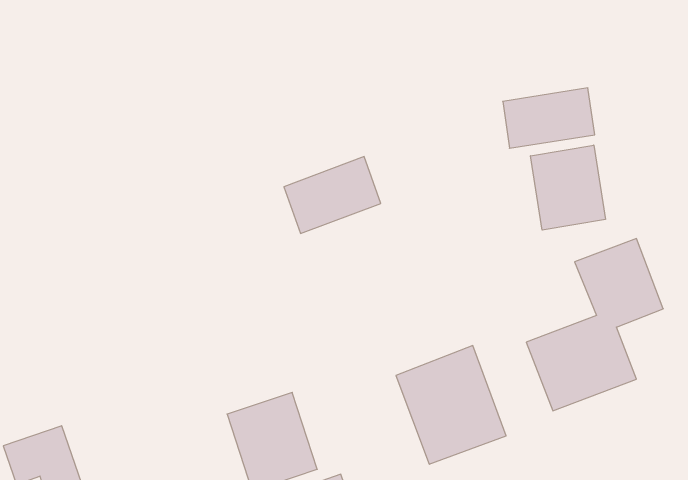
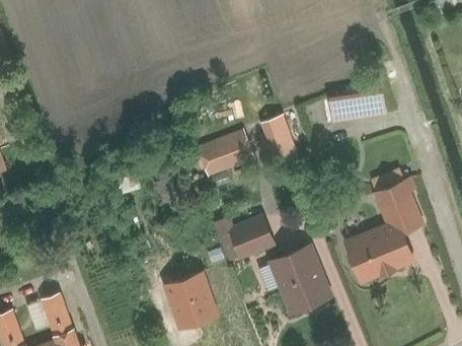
building: none -> [262,116,293,152]
building: [531,145,605,230] -> none
building: none -> [216,215,275,263]

